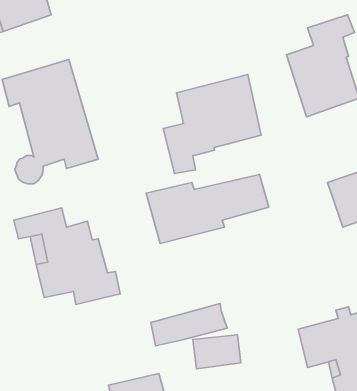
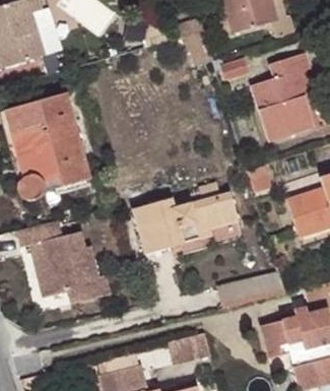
building: [163,75,261,174] -> none
building: [151,304,227,346] -> [215,272,281,309]

